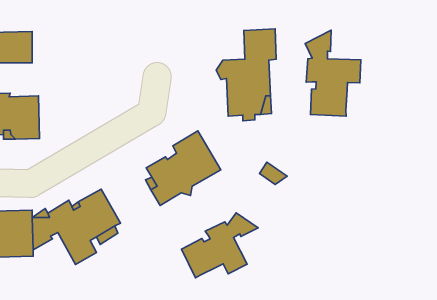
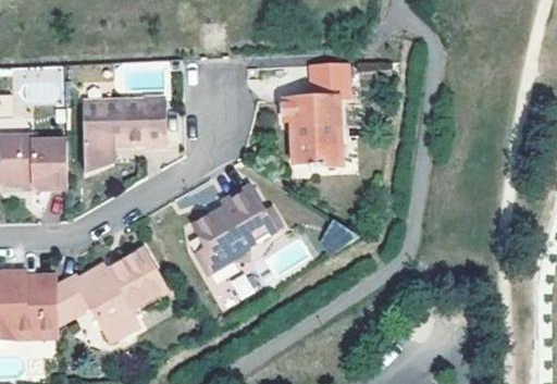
building: [305,30,361,116] -> none
building: none -> [84,98,165,171]
building: [181,213,258,278] -> none

